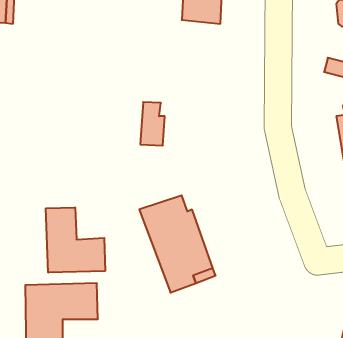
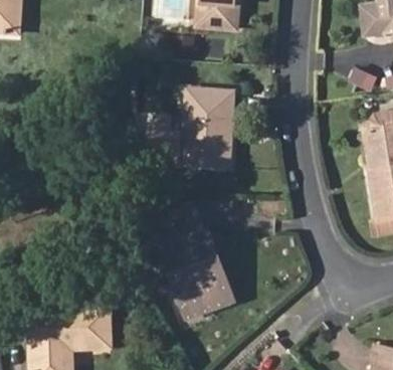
building: none -> [185,90,236,165]
building: [46,207,105,273] -> none

